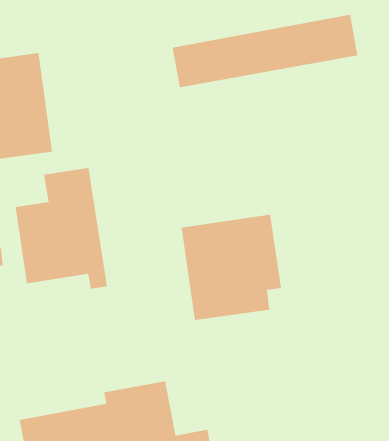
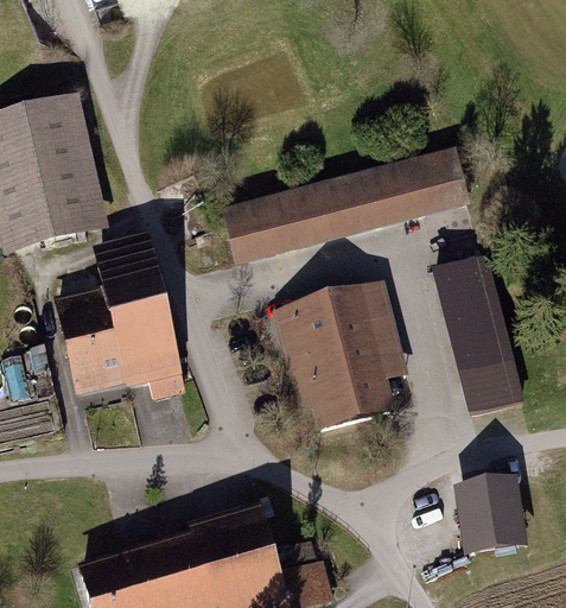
building: [172,14,358,88] -> [222,153,460,262]
building: none -> [433,241,521,399]
building: none -> [453,481,524,553]

